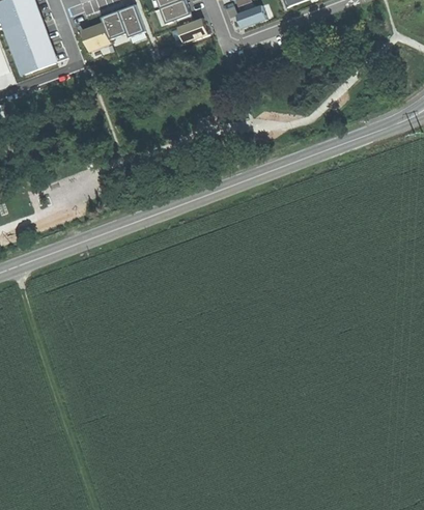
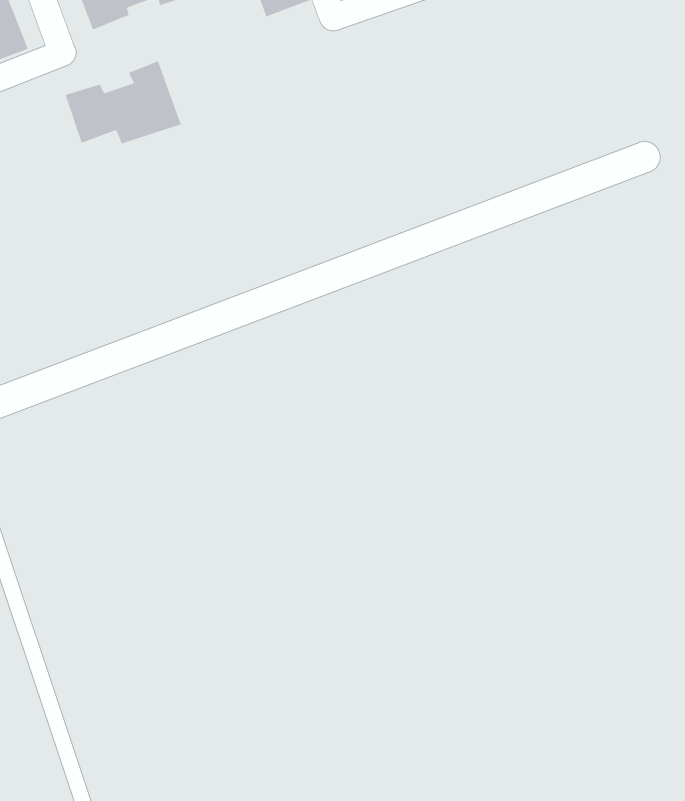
building: none -> [64,60,182,145]

